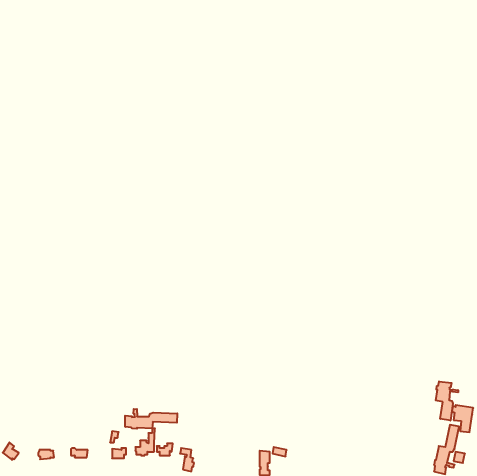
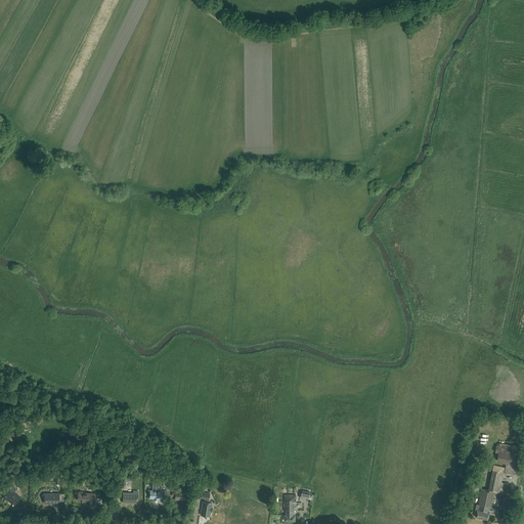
building: [436,381,458,421] -> none
building: [125,409,177,429] -> none

